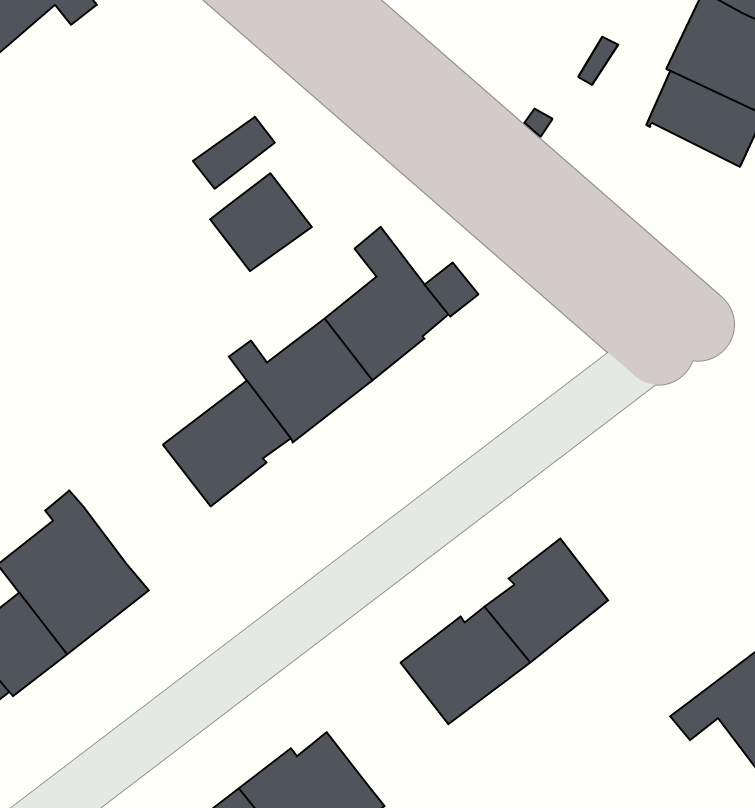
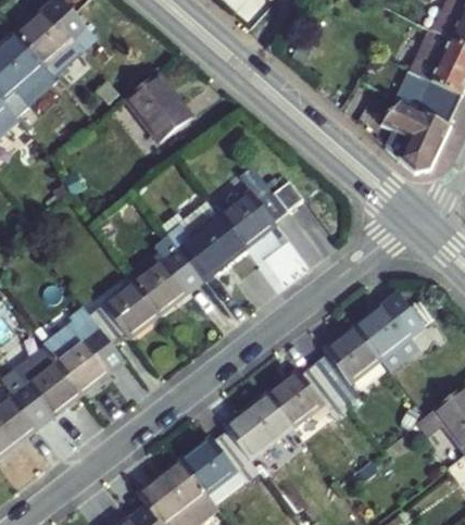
building: none -> [381,103,450,176]
building: [210,173,312,271] -> [128,71,184,124]
building: none -> [90,278,160,343]
building: none -> [350,298,419,363]
building: none -> [218,397,289,464]

